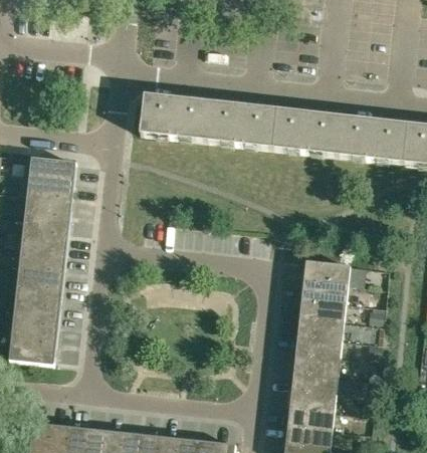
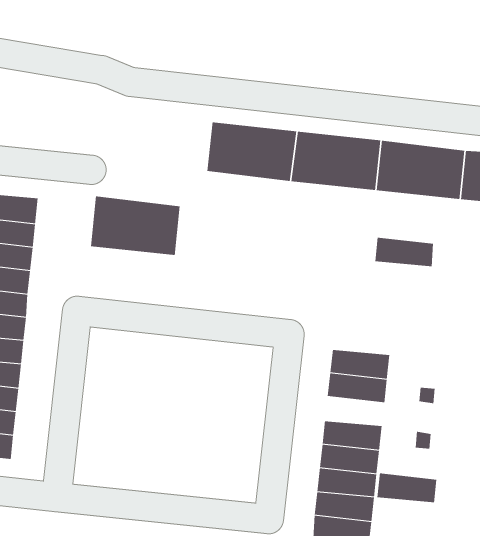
building: [139,92,209,139] -> [90,196,181,255]
building: [302,258,349,281] -> [374,237,434,267]
building: [296,313,344,336] -> [376,473,437,503]

